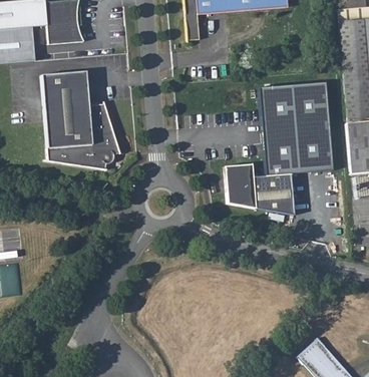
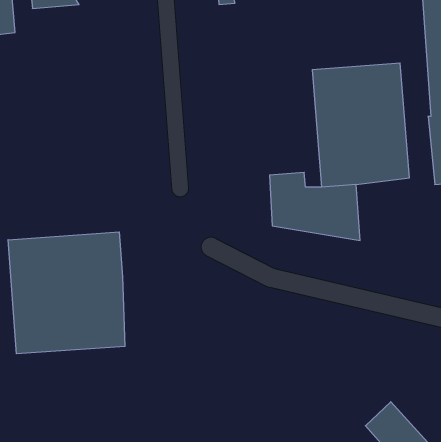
building: [40,69,118,167] -> none
building: none -> [8,232,125,354]

